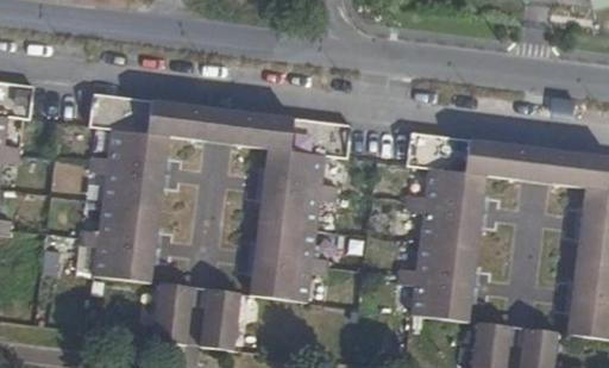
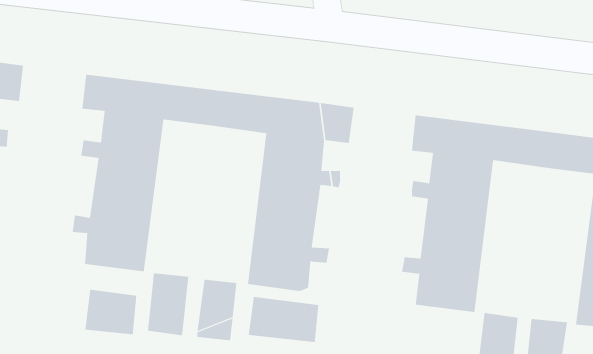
building: none -> [85,289,137,335]
building: none -> [248,296,319,343]

